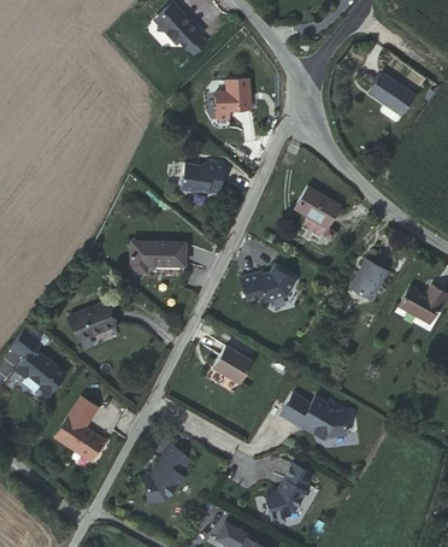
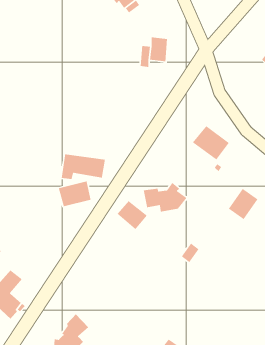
building: [179,160,225,195] -> none
building: [69,305,113,342] -> [58,181,92,207]
building: [214,343,254,381] -> [117,200,148,230]
building: [278,392,344,437] -> none

